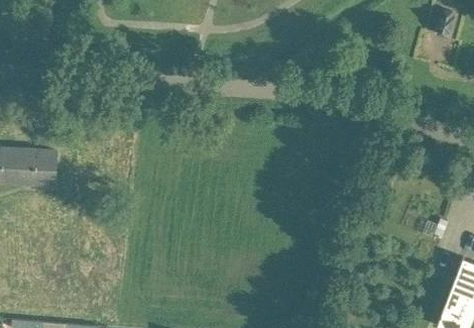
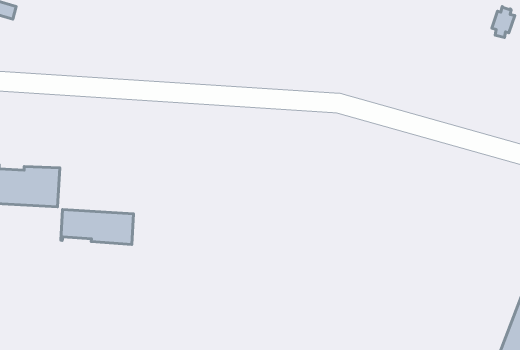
building: none -> [61,210,133,244]

